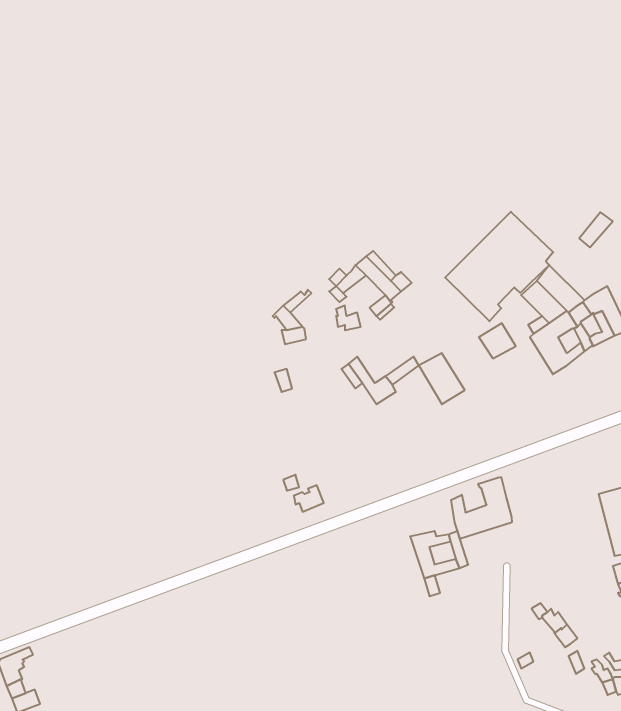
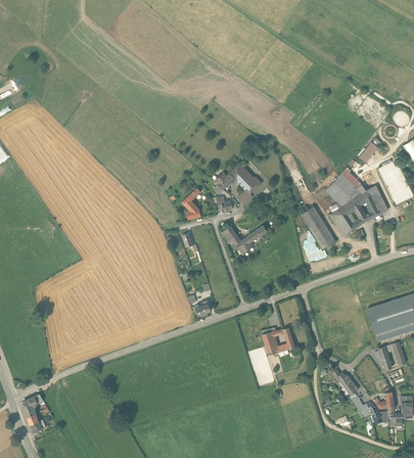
building: [445,212,553,321] -> none
building: [419,353,465,404] -> [309,219,335,248]
building: [451,477,512,539] -> none

